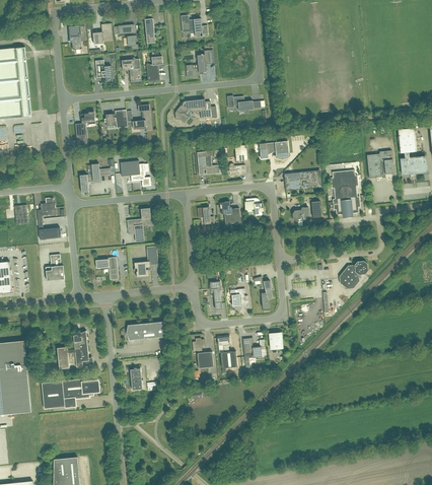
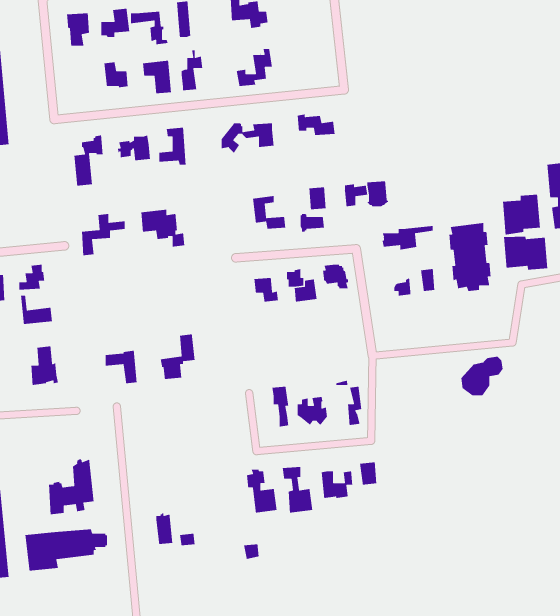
building: none -> [503,236,548,271]
building: [126,208,154,241] -> none
building: [126,322,164,340] -> none

